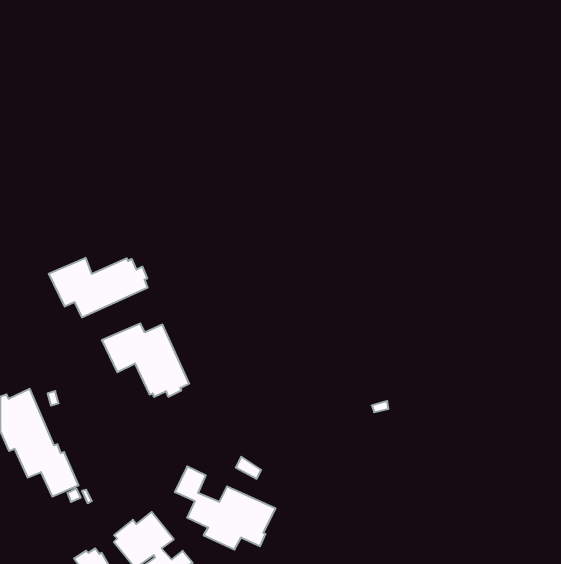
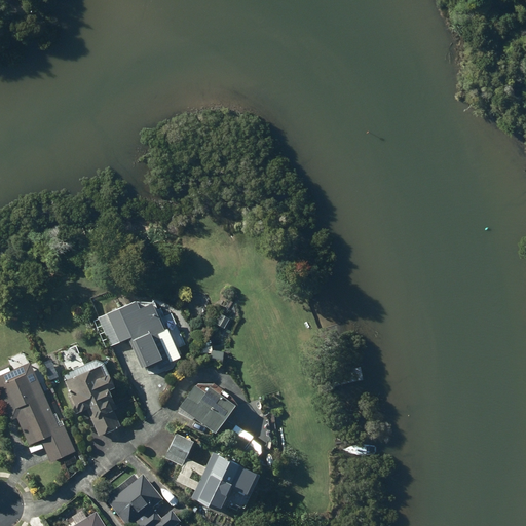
building: [49,258,148,317] -> none
building: none -> [63,360,121,436]
building: none -> [180,384,234,433]

